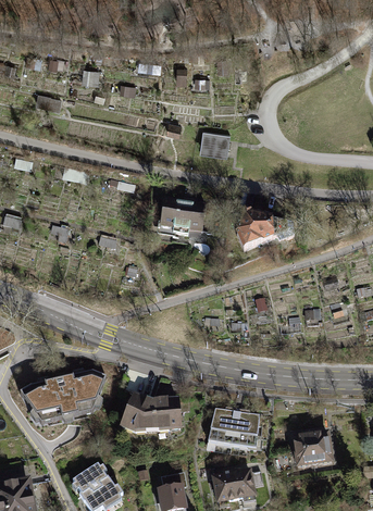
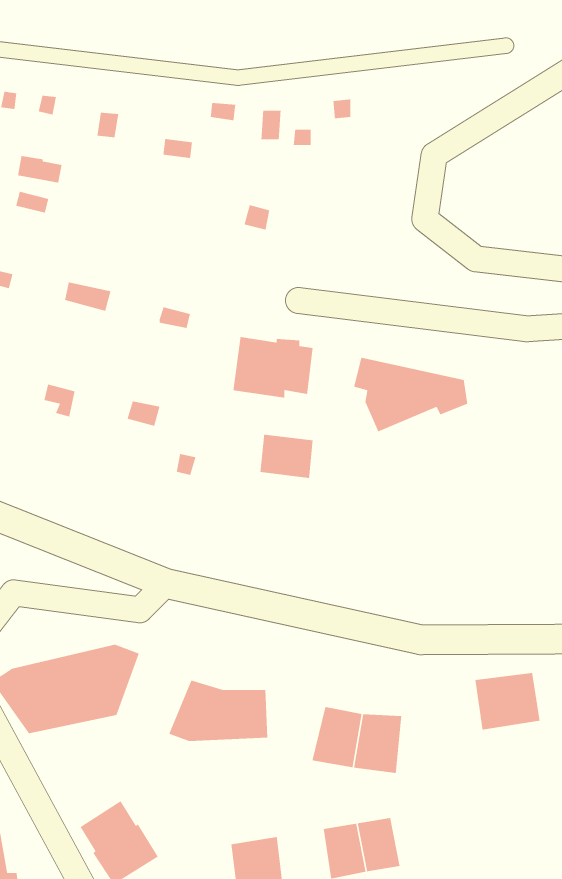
building: [200,128,231,154] -> none
building: none -> [260,434,314,479]
building: [291,432,330,465] -> [474,672,540,731]

